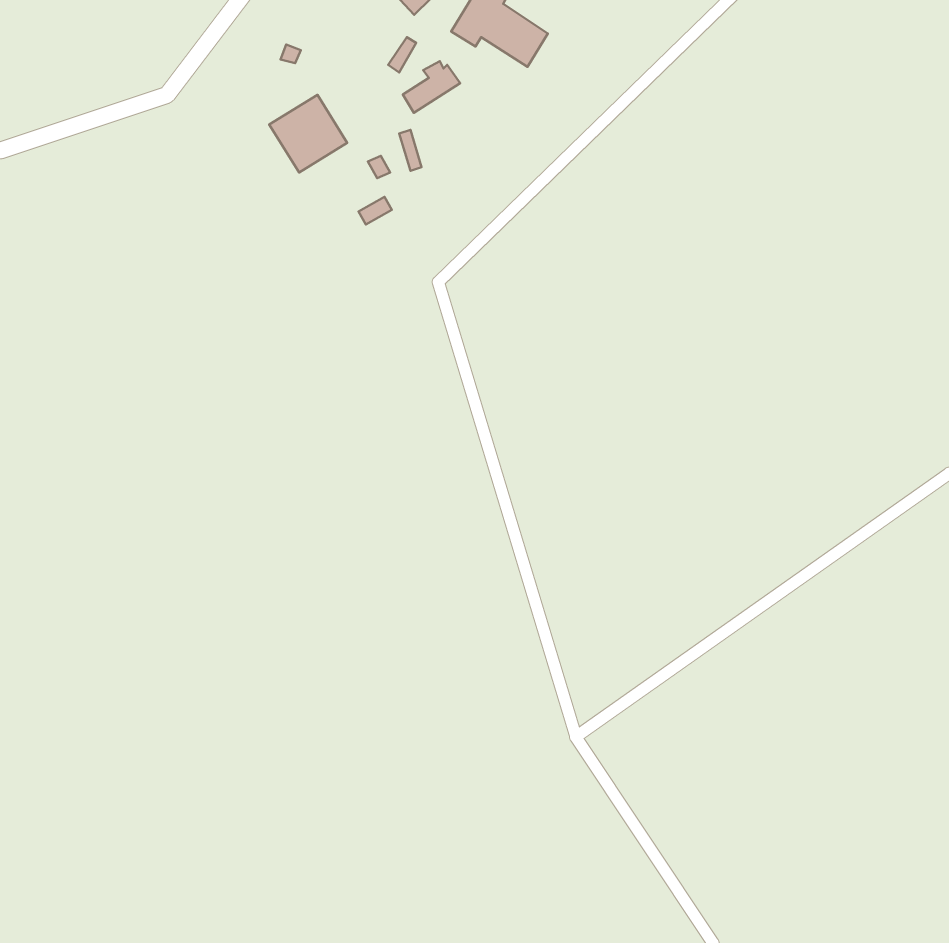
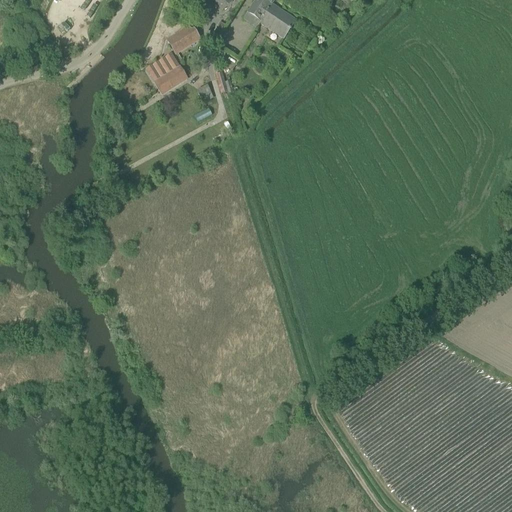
building: [403,61,460,113] -> [169,25,200,53]

